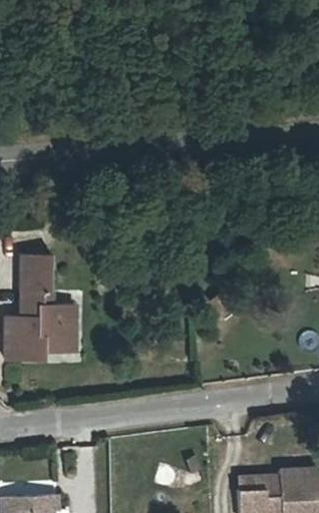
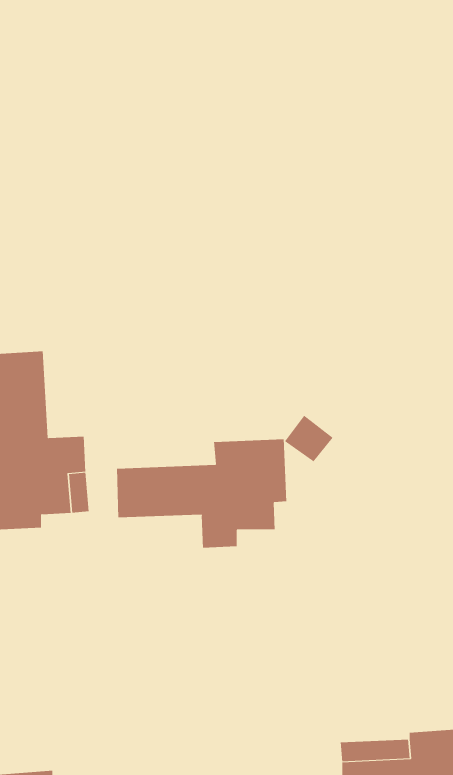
building: none -> [116,439,287,548]

